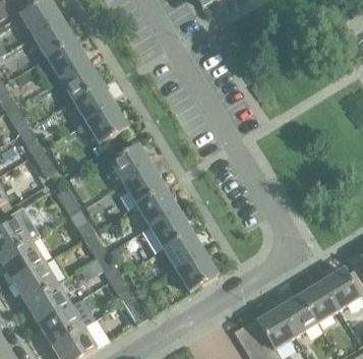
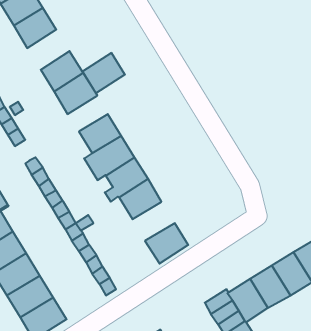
building: [59,61,101,101] -> [83,53,125,93]
building: [163,231,204,270] -> none

